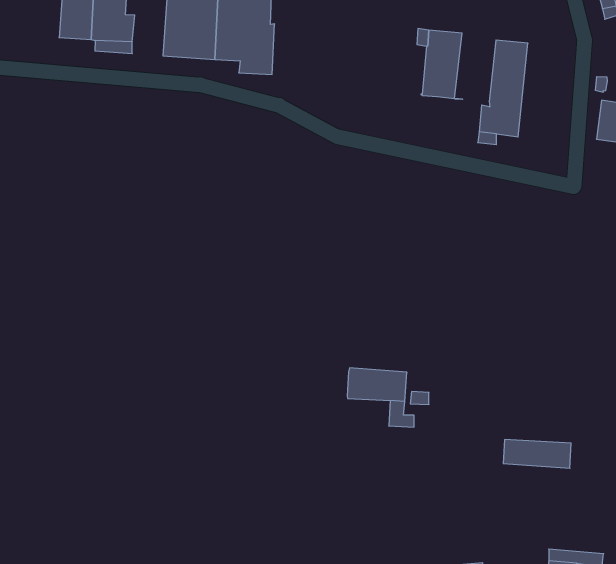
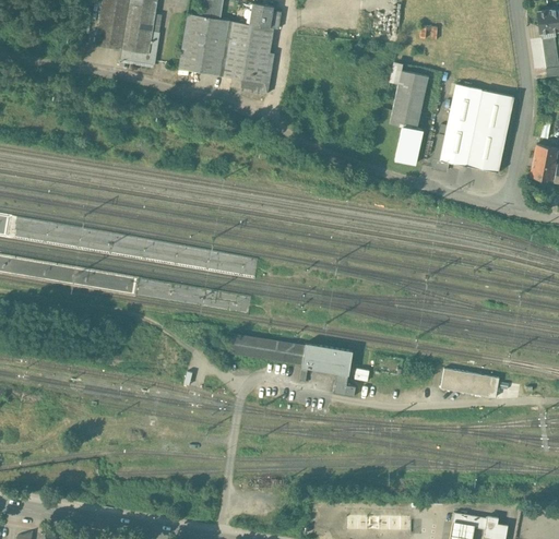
building: none -> [465,91,514,173]
building: none -> [394,127,423,165]
building: none -> [228,333,305,366]
building: [503,440,571,468] -> [440,369,498,398]

